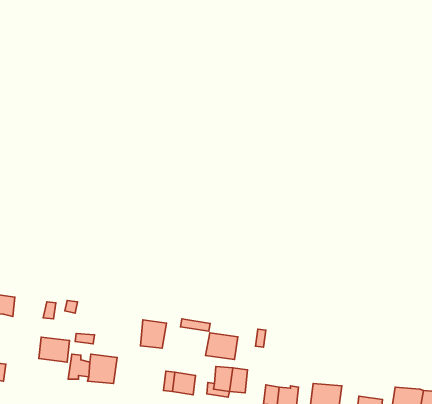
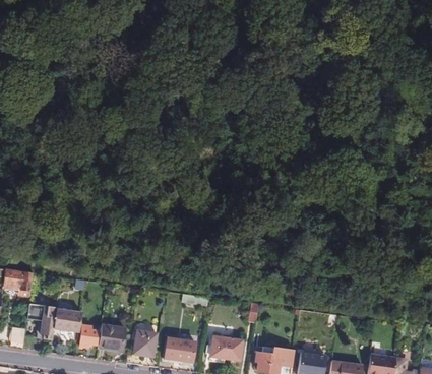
building: [140,320,167,348] -> [133,328,157,354]
building: none -> [26,303,57,338]
building: [205,333,238,360] -> none

